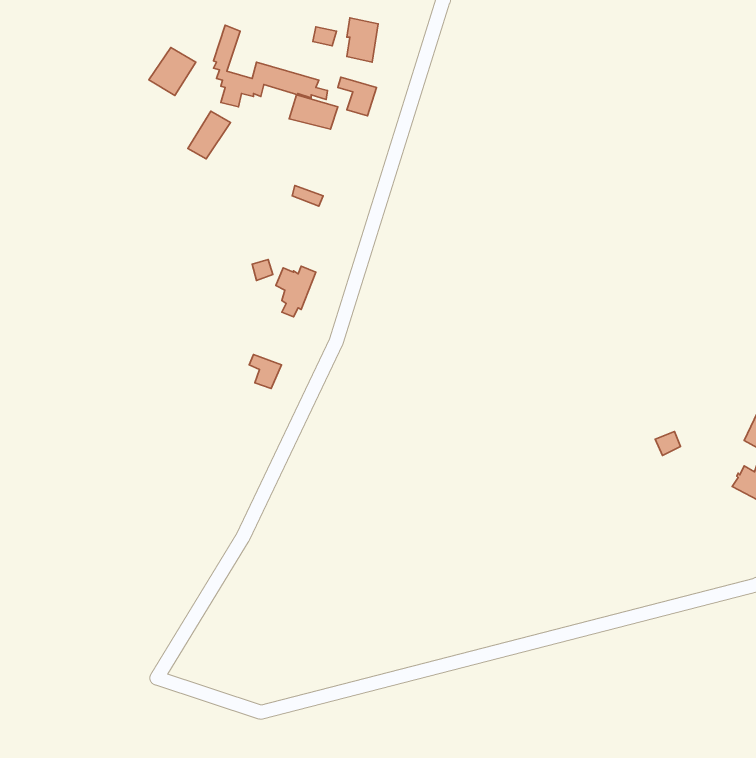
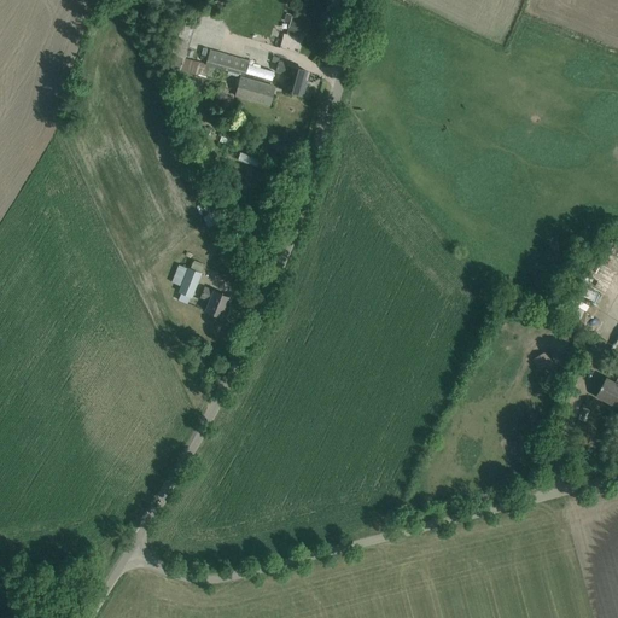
building: [149,48,196,95] -> none
building: [188,111,230,159] -> none
building: [276,266,316,317] -> [174,263,206,304]

